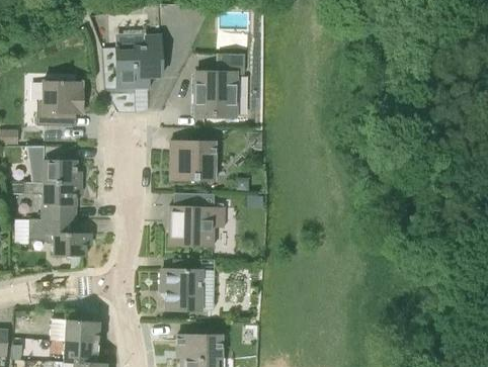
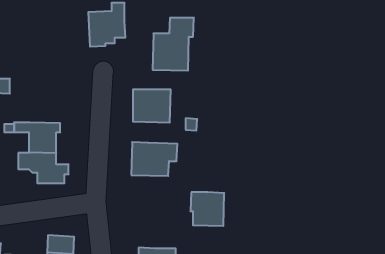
building: [36,81,82,125] -> none
building: [26,146,81,182] -> none
building: [161,269,202,310] -> [190,192,224,226]

